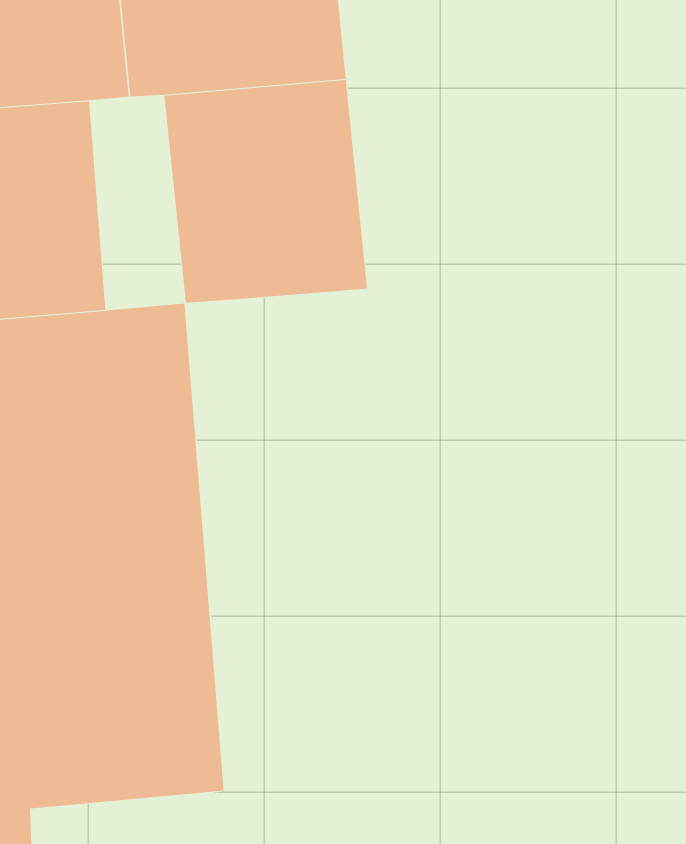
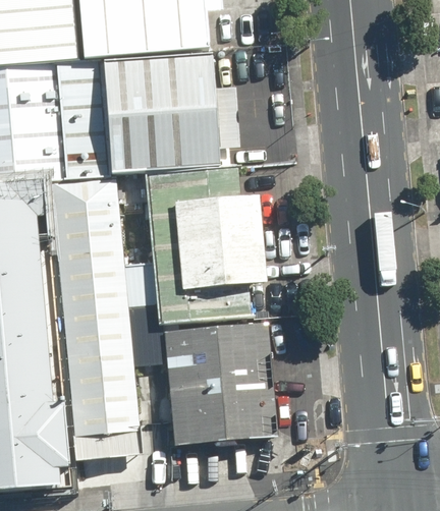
building: none -> [61,56,115,178]
building: none -> [145,164,257,323]
building: none -> [166,321,276,444]

